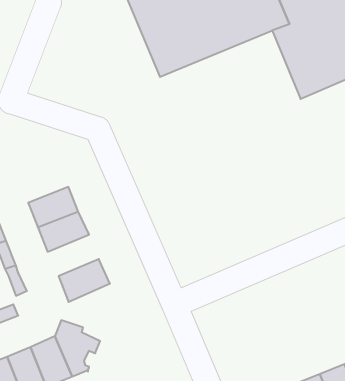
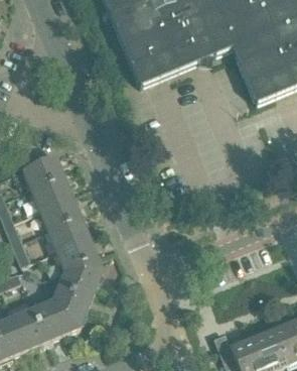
building: none -> [22,155,63,189]
building: none -> [46,215,89,249]
building: none -> [57,255,104,295]

